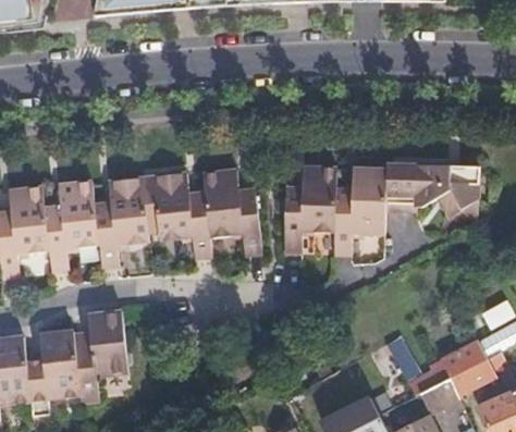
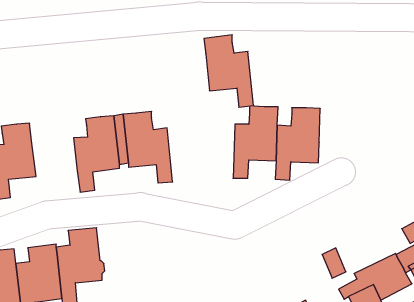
building: [385,162,479,223] -> none
building: [202,168,261,254] -> [204,35,253,107]
building: [44,180,98,270] -> none

